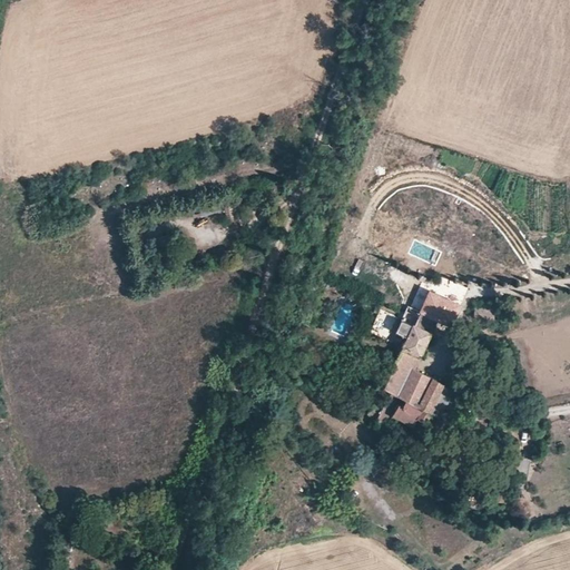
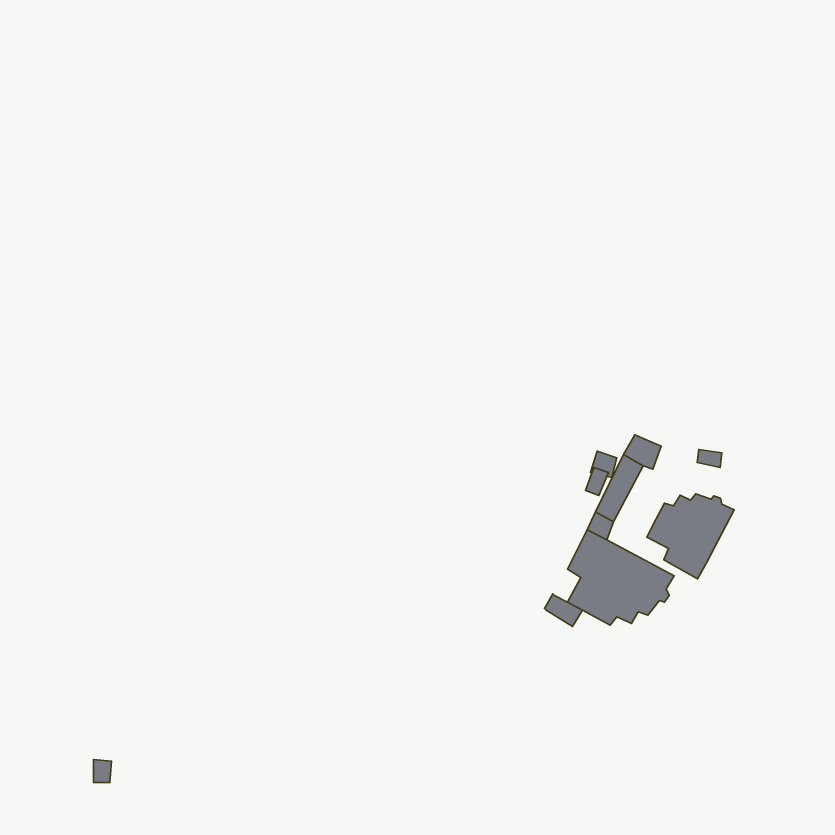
building: none -> [647,494,734,579]

